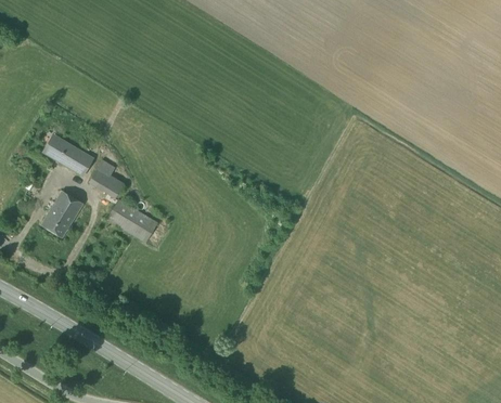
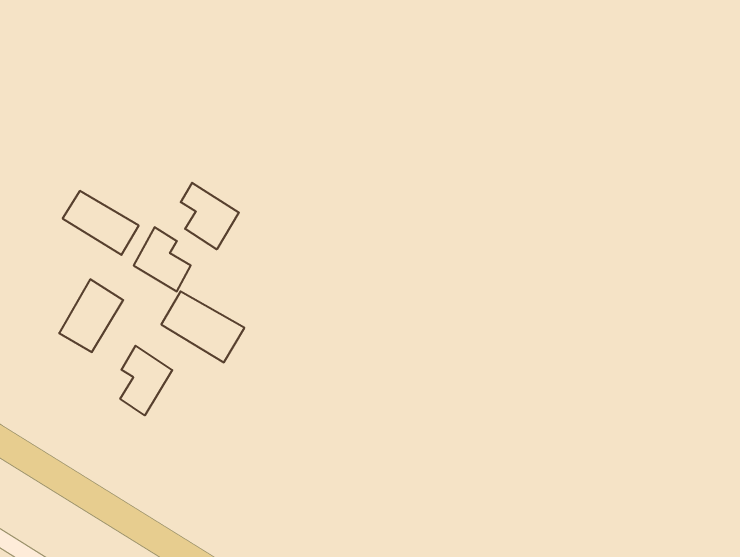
building: none -> [181,183,239,249]
building: none -> [120,346,172,415]

